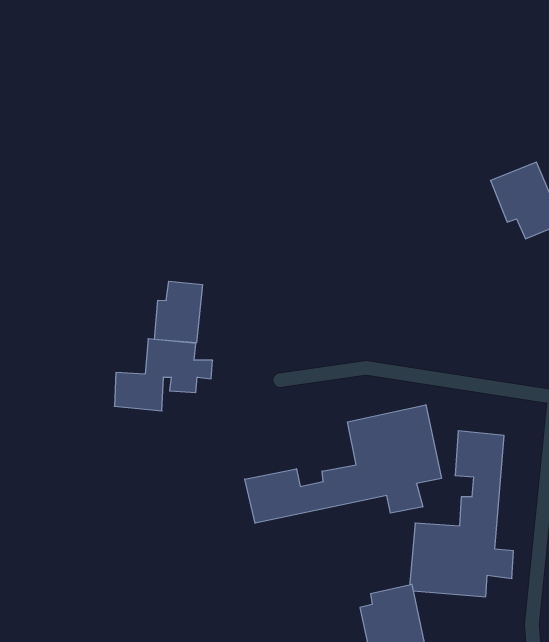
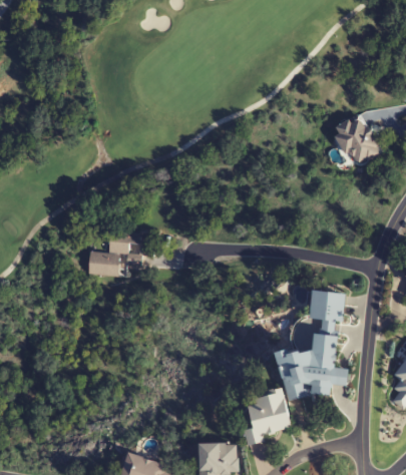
building: [154,281,202,343] -> none
building: [245,405,441,523] -> none

